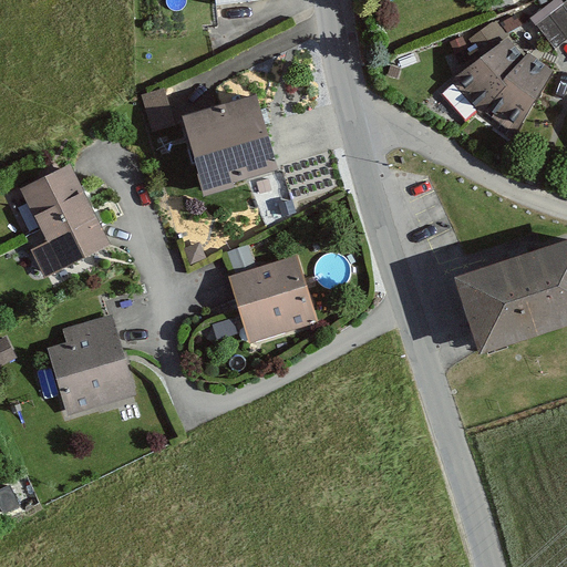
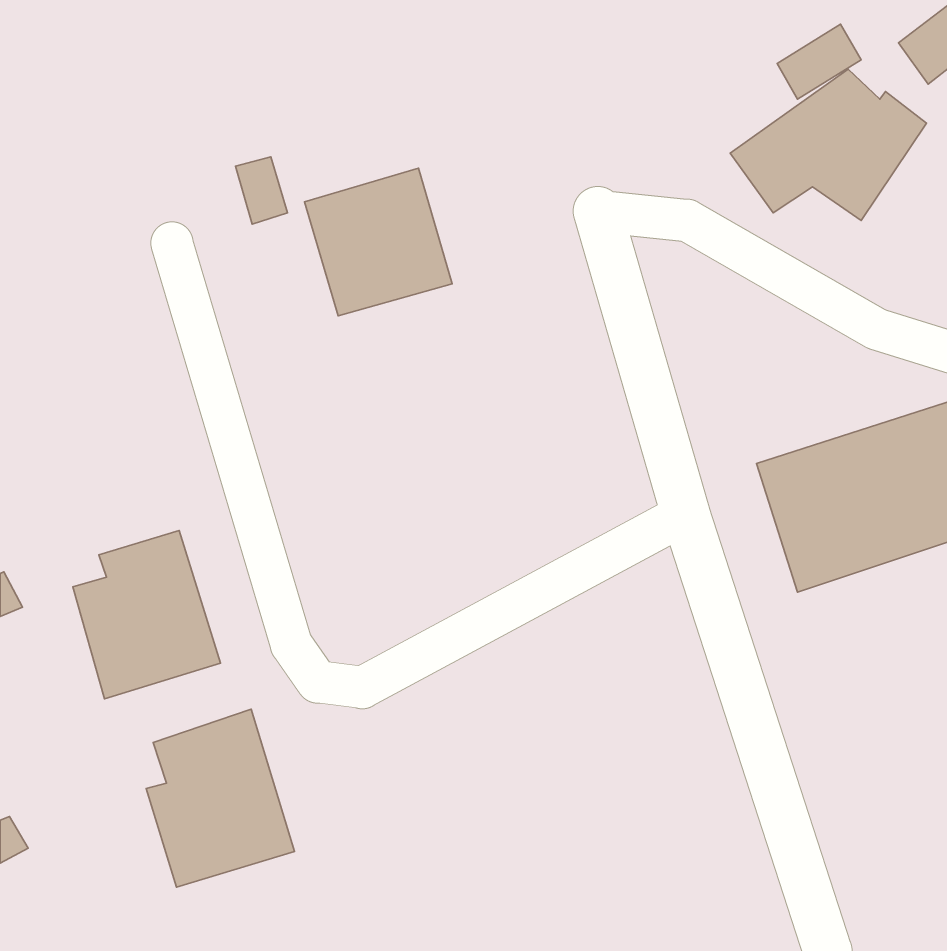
building: [20,164,111,278] -> none
building: [229,256,315,341] -> none
building: none -> [146,709,295,887]

